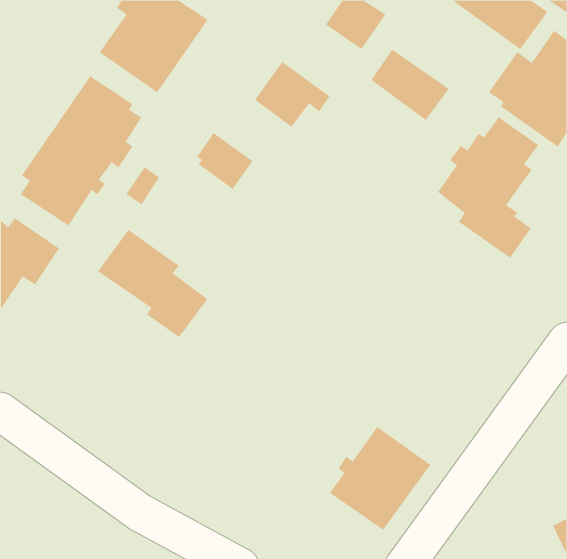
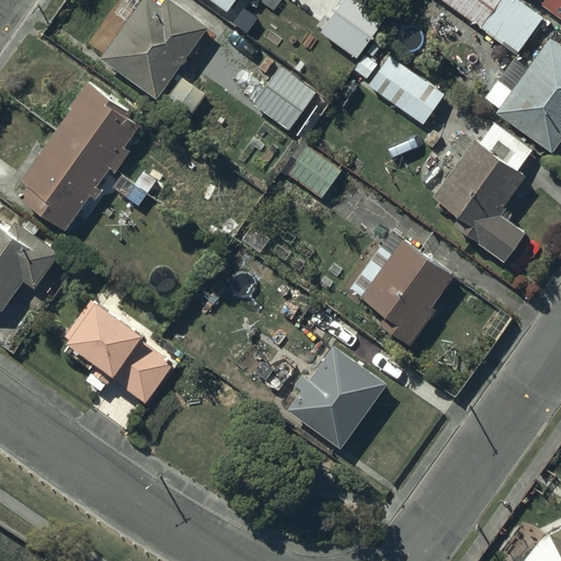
building: [197,132,253,190] -> [285,144,341,201]
building: none -> [345,232,453,347]
building: [97,229,208,338] -> [65,296,174,403]
building: [329,426,431,530] -> [286,345,387,448]

